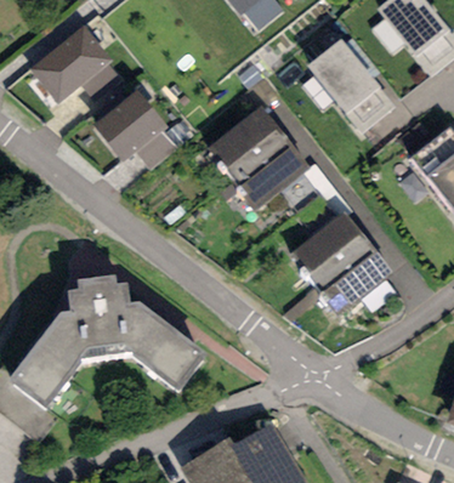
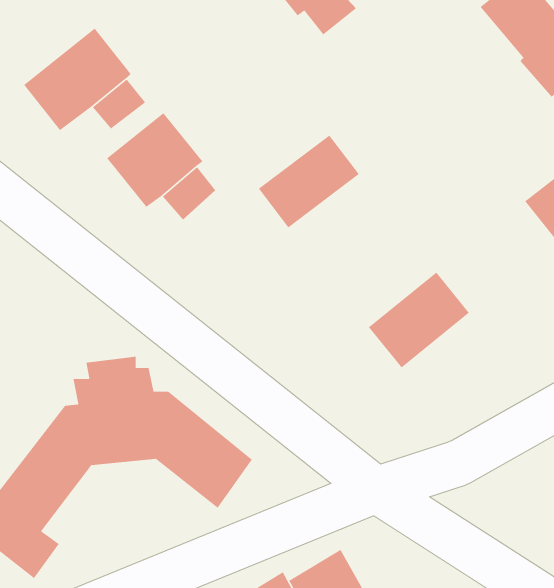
building: [307,39,393,133] -> none
building: [231,136,310,209] -> none
building: [317,242,393,314] -> none

